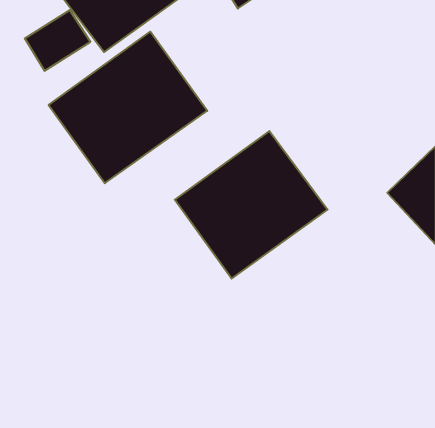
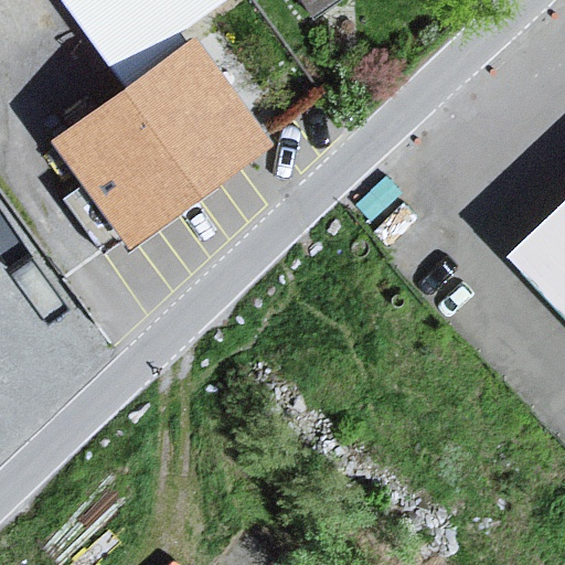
building: [175,131,328,279] -> none

